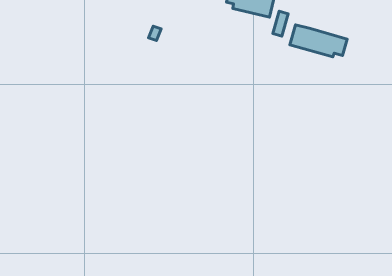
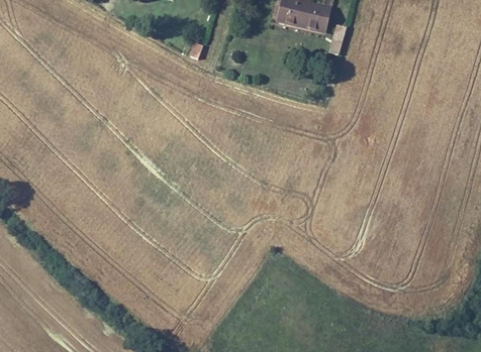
building: [290,25,347,57] -> none

